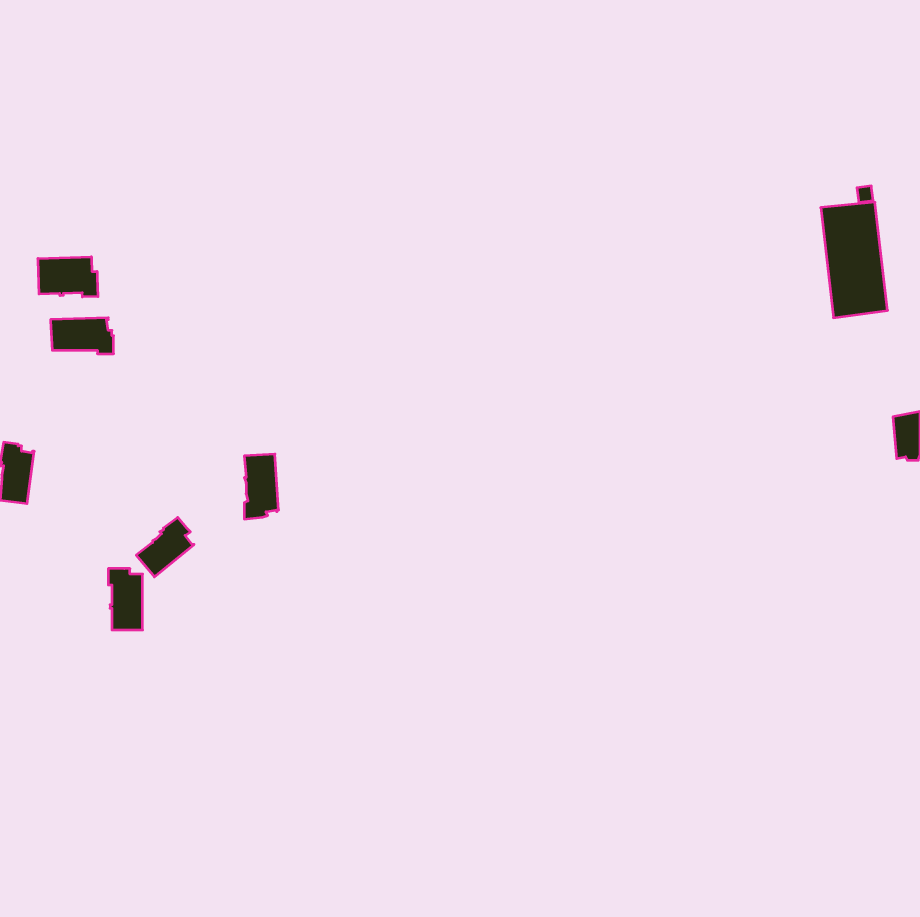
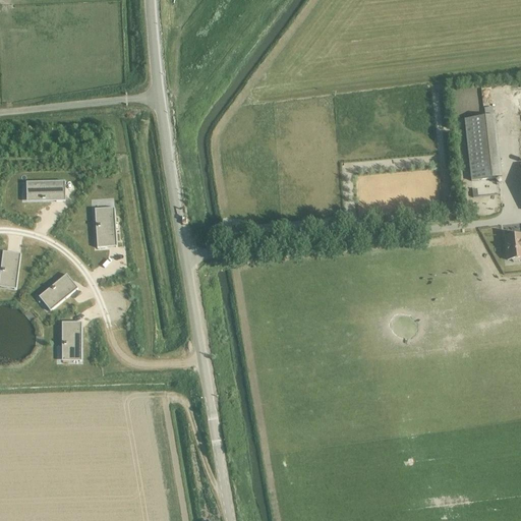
building: [38,257,98,297] -> none
building: [244,454,279,519] -> [96,210,115,246]
building: [136,517,194,577] -> [42,273,74,306]

